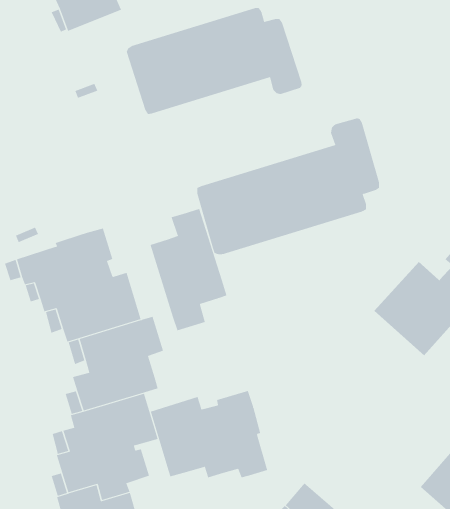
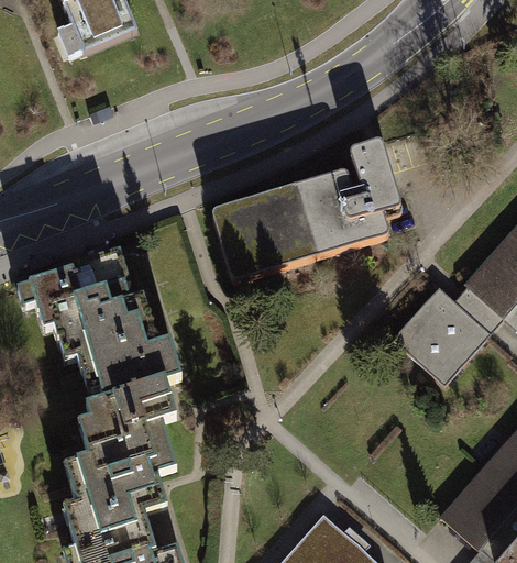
building: [126,7,302,115] -> none
building: [150,208,227,331] -> none
building: [150,390,268,478] -> none

